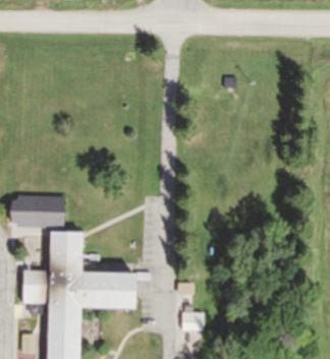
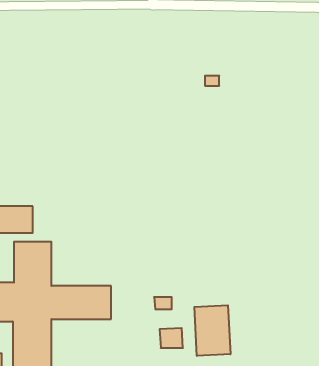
building: none -> [194,305,230,356]

